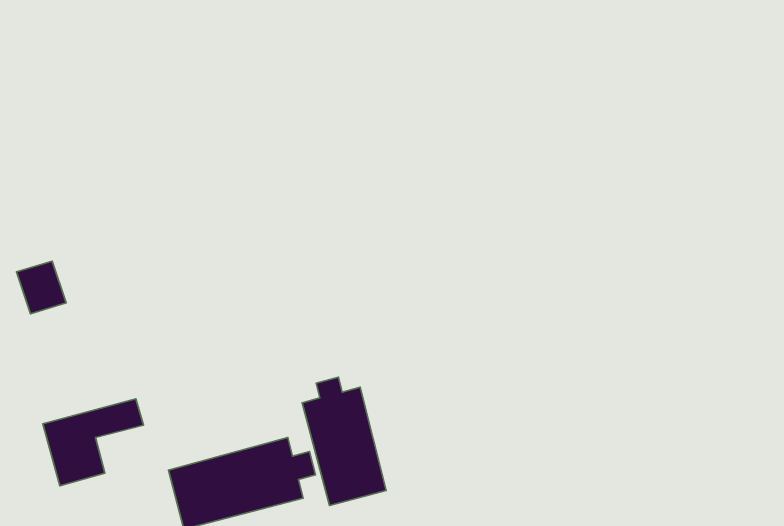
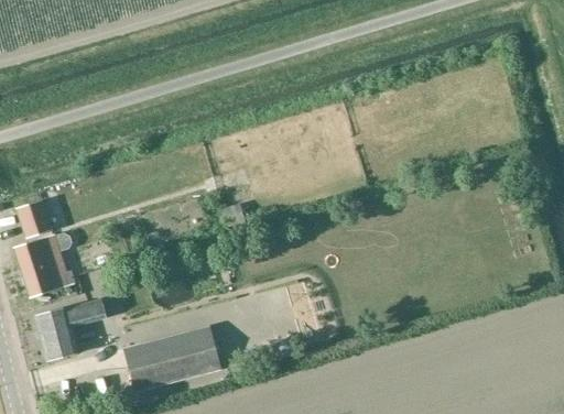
building: none -> [14,235,74,298]
building: [302,377,386,505] -> none

